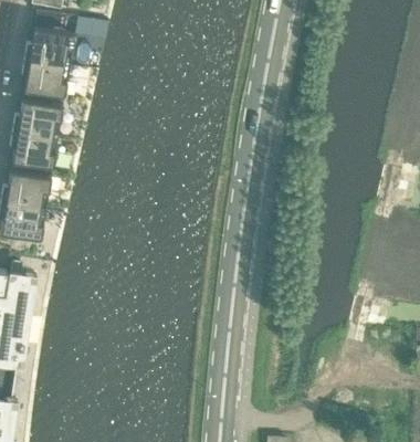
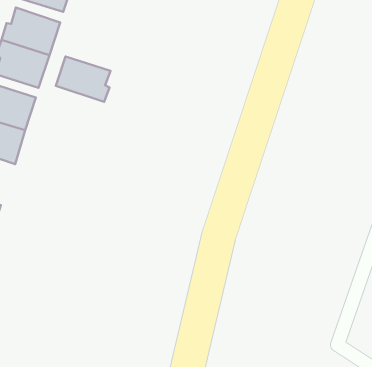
building: none -> [56,57,110,102]

